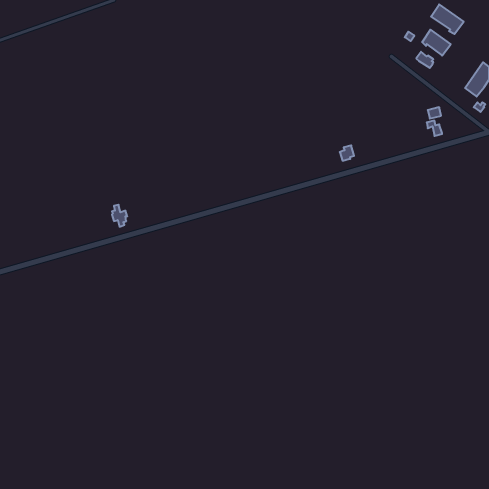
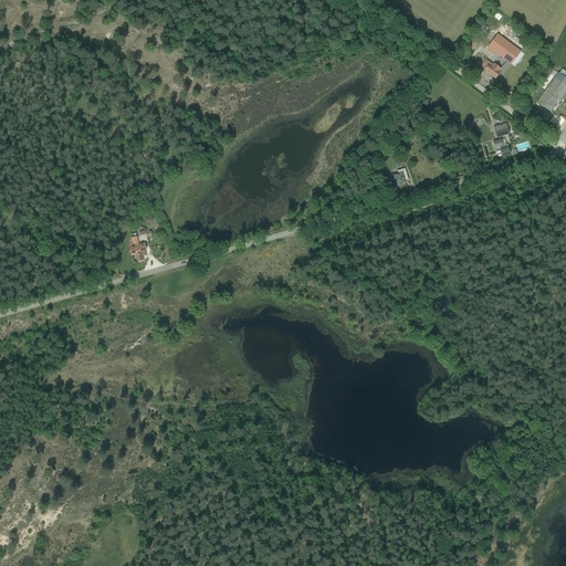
building: [431,4,464,34] -> none

